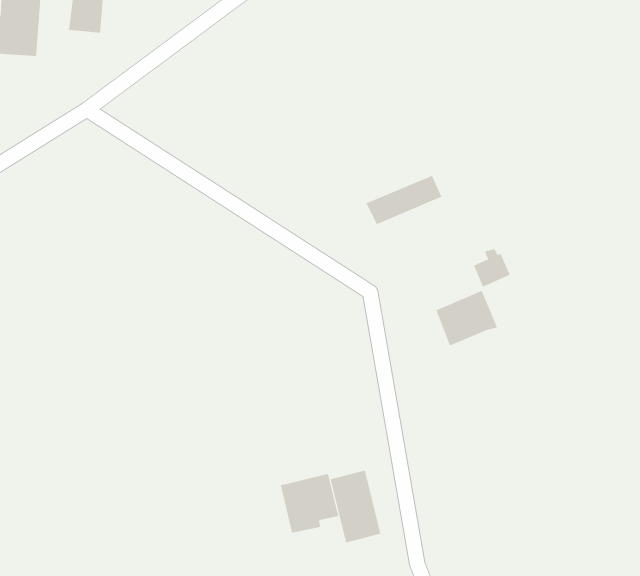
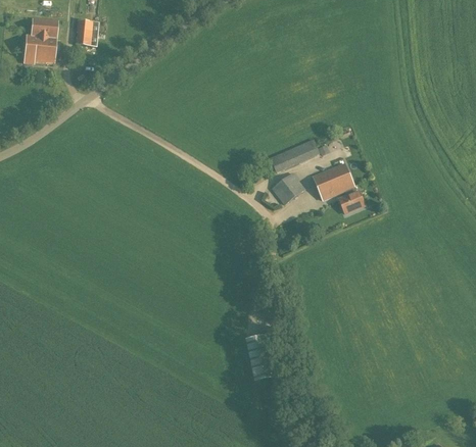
building: none -> [272,172,305,204]
building: [435,290,498,346] -> [314,163,354,200]
building: [280,473,339,533] -> none

